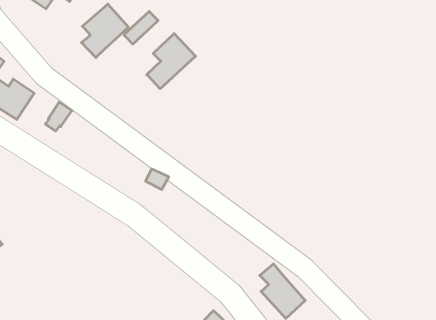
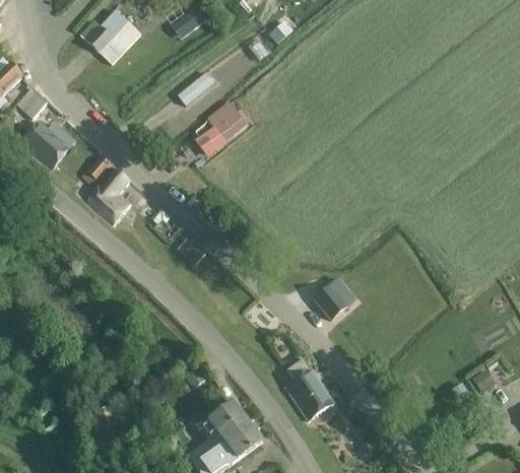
building: [81,4,128,58] -> none
building: none -> [87,168,131,223]
building: none -> [312,283,348,321]

